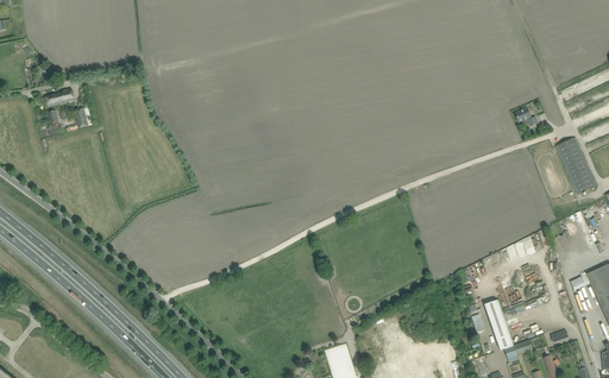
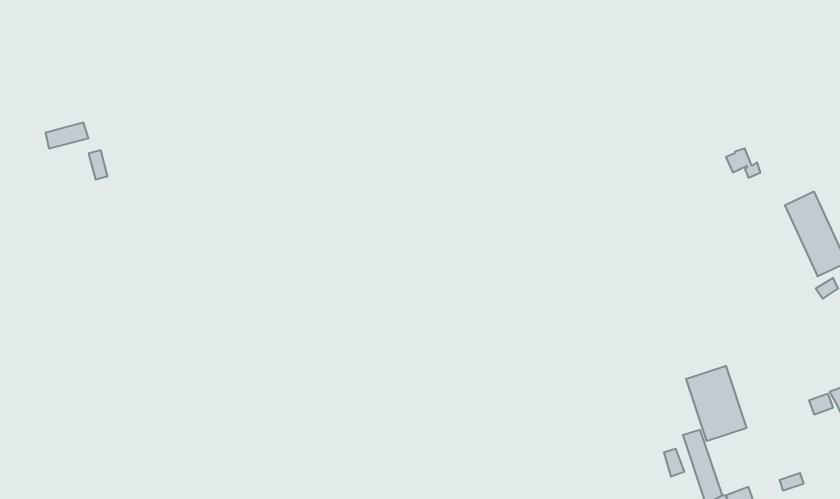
building: none -> [686,366,746,441]

